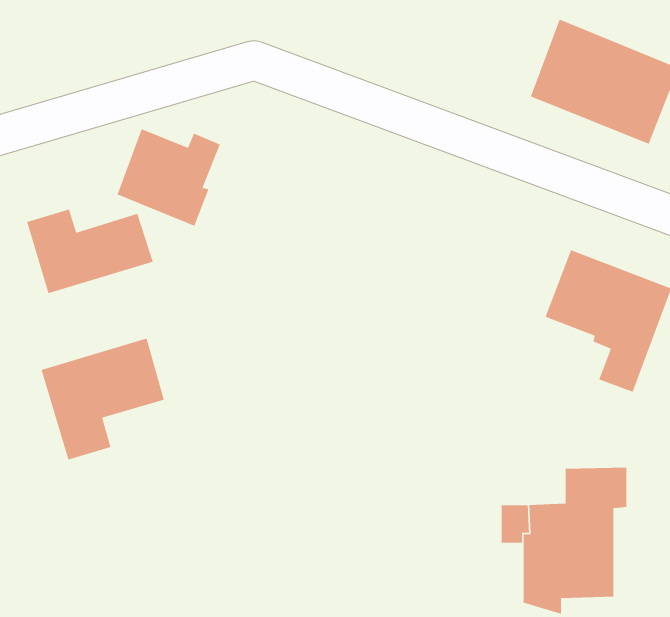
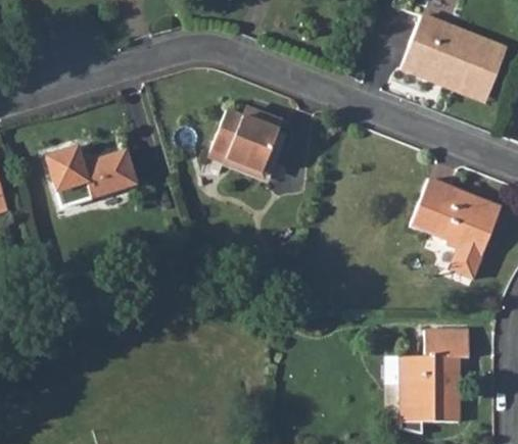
building: [116,128,221,227] -> [206,107,280,177]
building: [40,338,165,461] -> none

